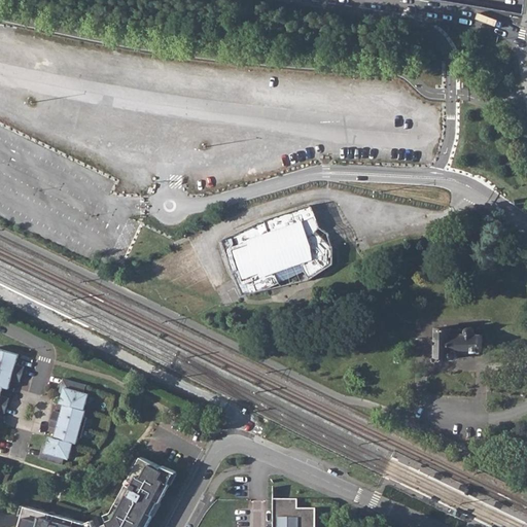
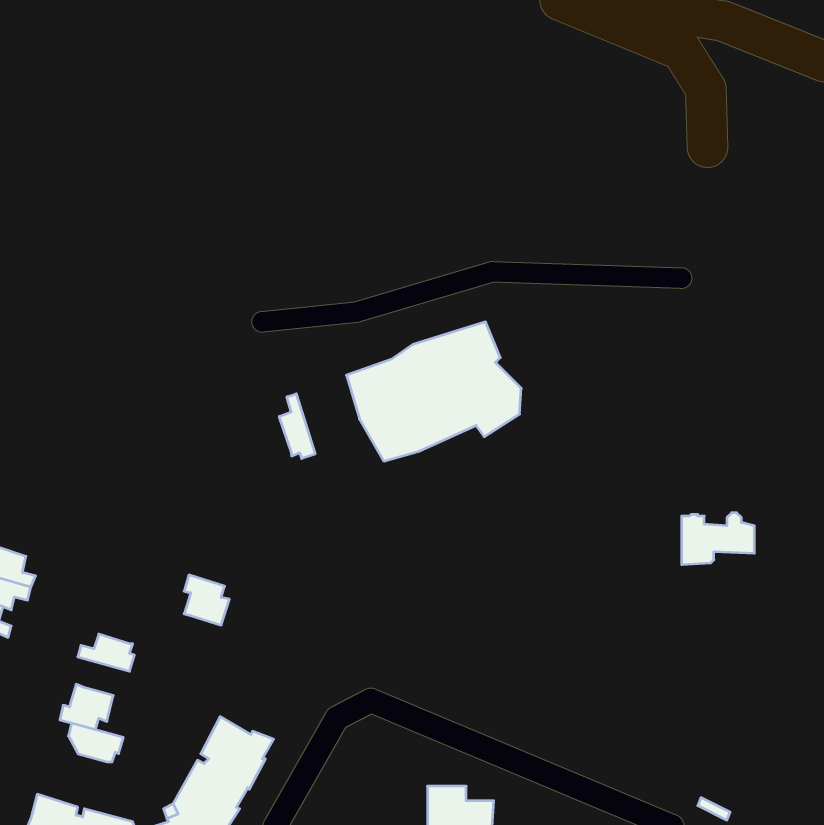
building: none -> [279,394,315,459]
building: [59,379,87,411] -> [184,575,229,625]
building: [47,419,82,444] -> [68,723,123,762]

